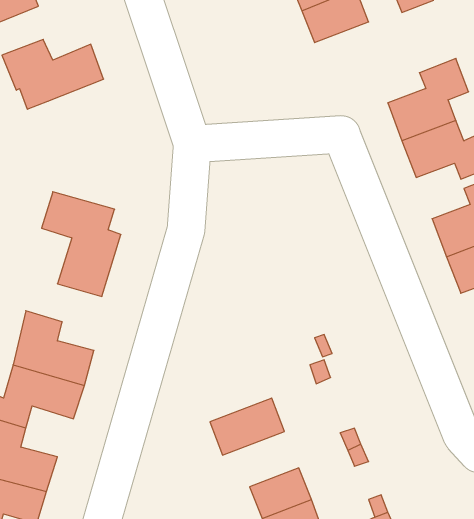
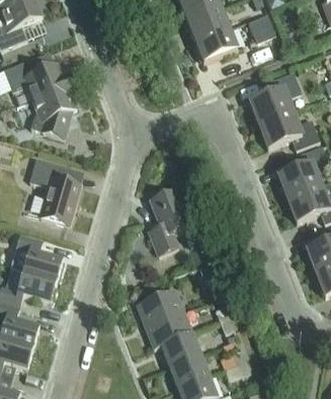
building: none -> [30,85,77,137]
building: none -> [148,190,188,254]
building: none -> [144,310,192,348]

